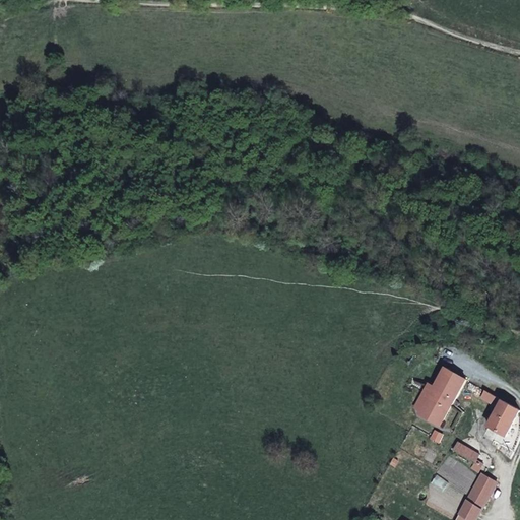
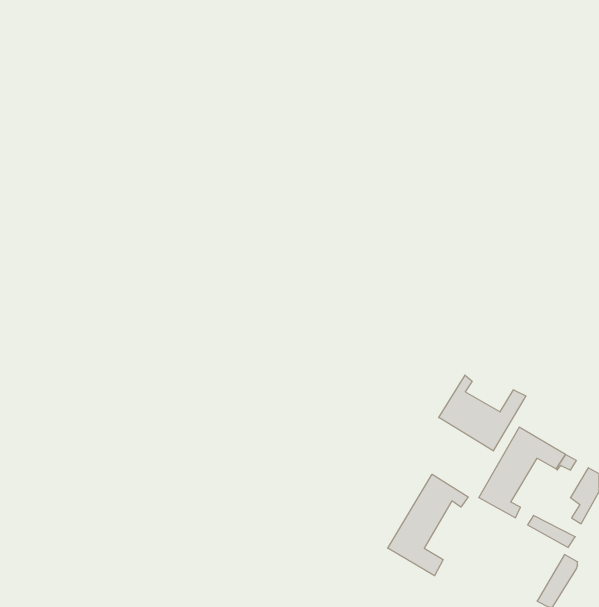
building: none -> [439,375,526,451]
building: none -> [388,474,468,576]

